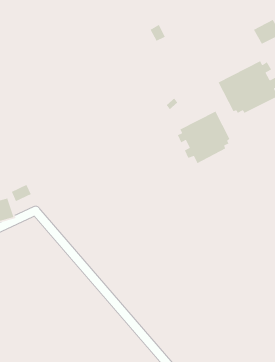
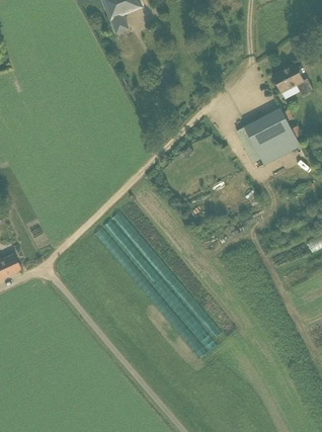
building: [177,111,230,164] -> none

